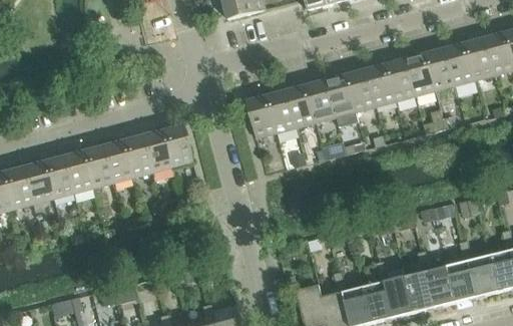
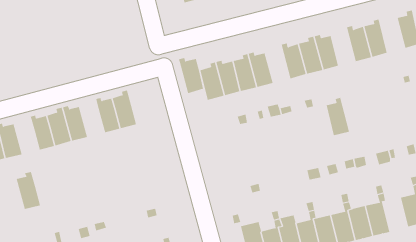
building: [464,37,495,80] -> none
building: [406,49,435,96] -> [326,97,350,136]
building: [326,70,356,117] -> none
building: [159,123,190,168] -> [178,58,204,94]
building: [101,136,131,183] -> none
building: [22,157,52,204] -> [16,171,41,209]
building: [468,256,498,298] -> none

